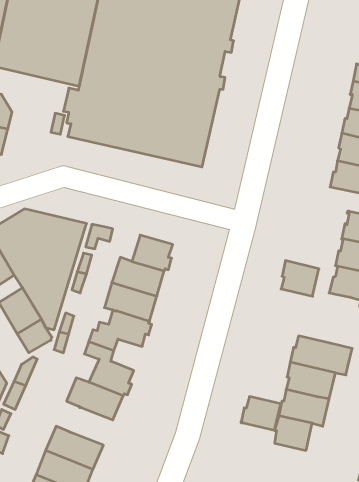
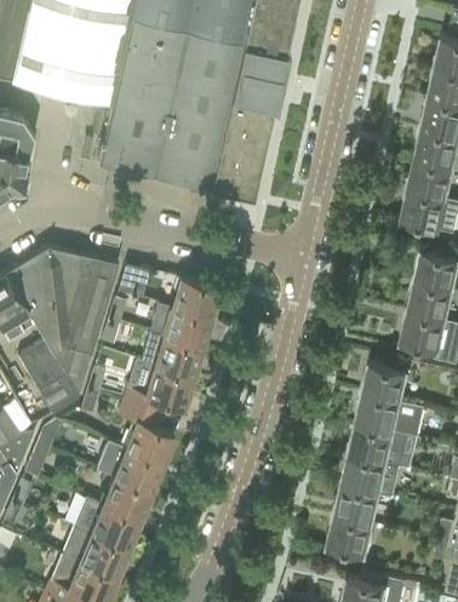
building: [281,261,319,296] -> [363,361,407,402]
building: [241,397,281,430] -> [326,517,372,556]
building: none -> [98,476,149,520]

